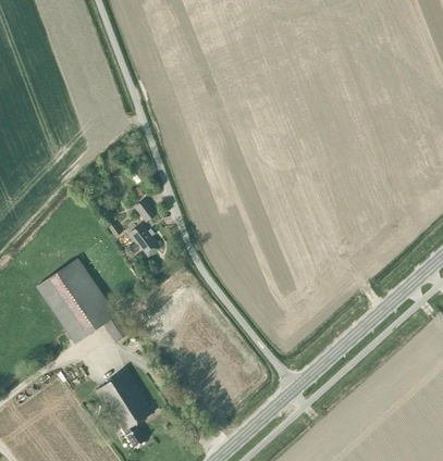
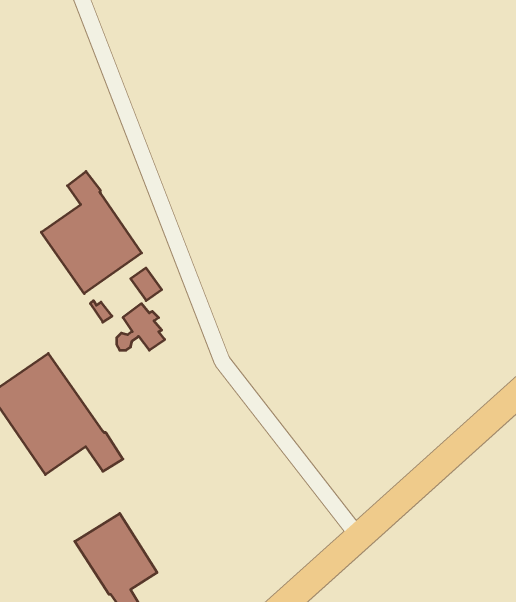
building: none -> [41,171,142,294]

